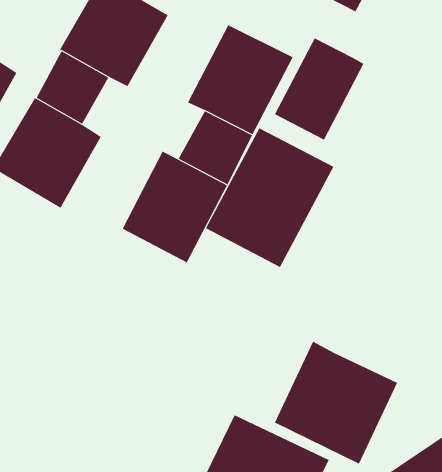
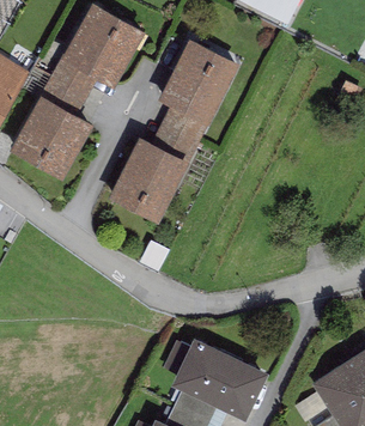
building: [274,38,364,140] -> none
building: [205,127,334,268] -> none
building: [274,341,398,464] -> none

